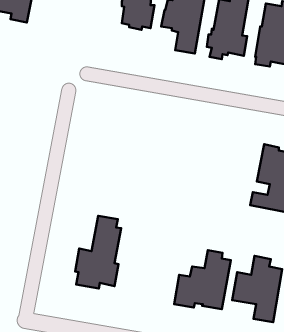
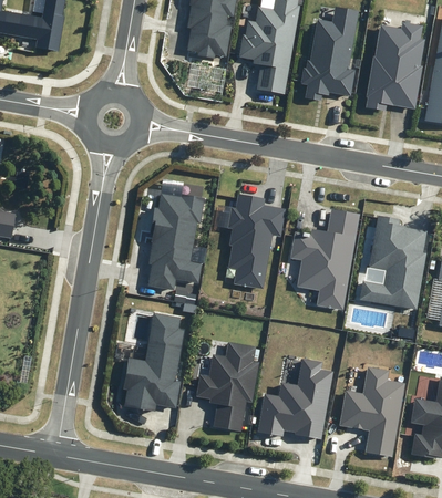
building: none -> [146,194,204,291]
building: none -> [226,194,286,289]
building: none -> [289,208,359,310]
building: none -> [195,342,258,432]

